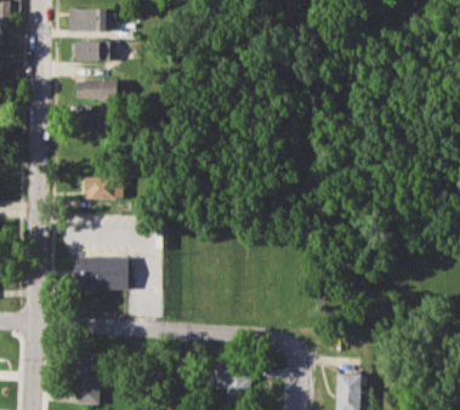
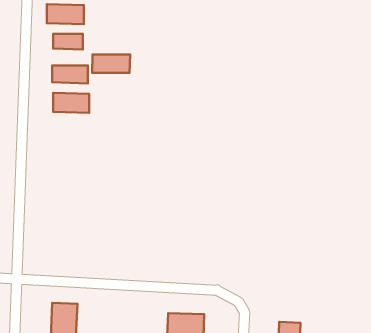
building: none -> [92,55,130,73]
building: [84,177,123,199] -> none
building: [75,257,129,290] -> none

